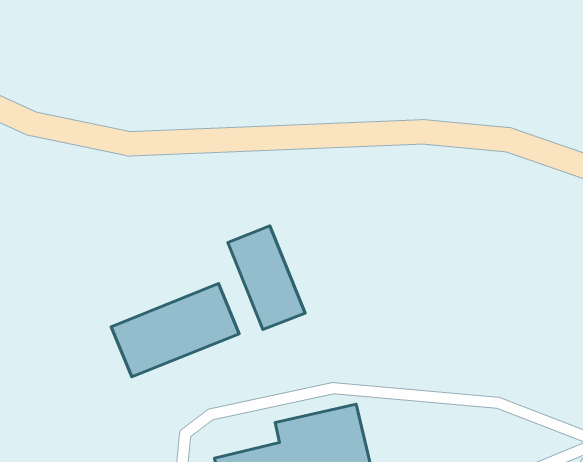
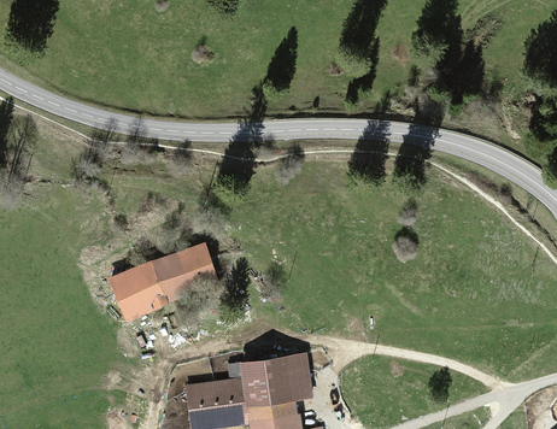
building: [228,226,305,330] -> none

